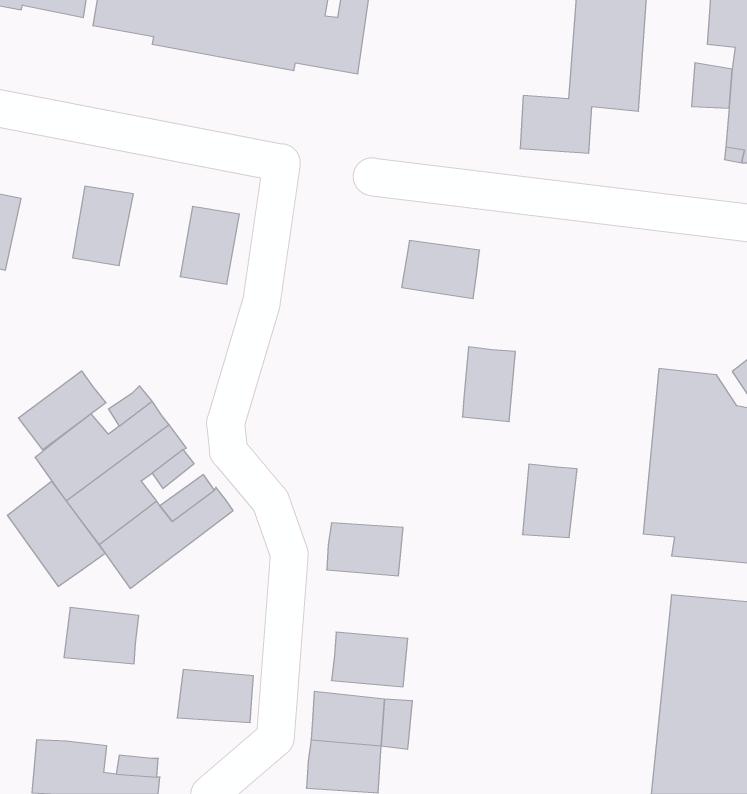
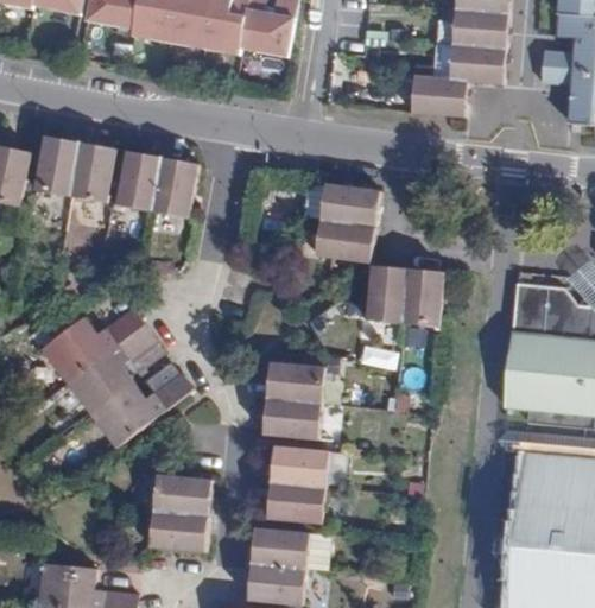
building: none -> [34,137,80,197]
building: none -> [116,151,162,211]
building: none -> [316,220,375,262]
building: [18,371,106,450] -> none
building: [522,464,577,538] -> [403,268,444,324]
building: none -> [267,362,325,403]
building: [7,481,105,587] -> none
building: none -> [271,446,328,487]
building: [64,608,139,664] -> [154,473,211,515]

